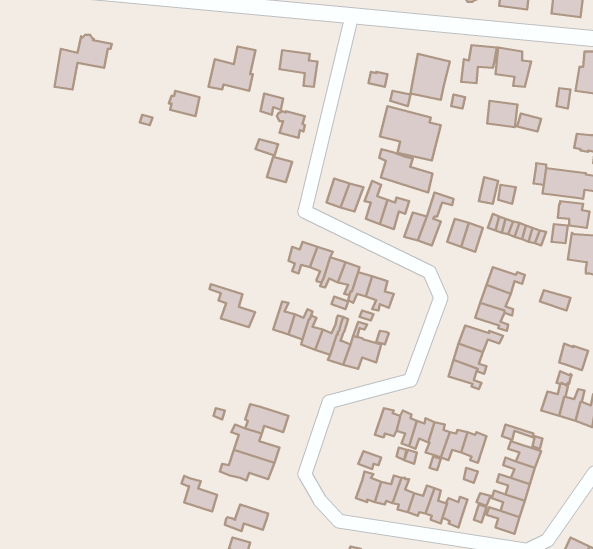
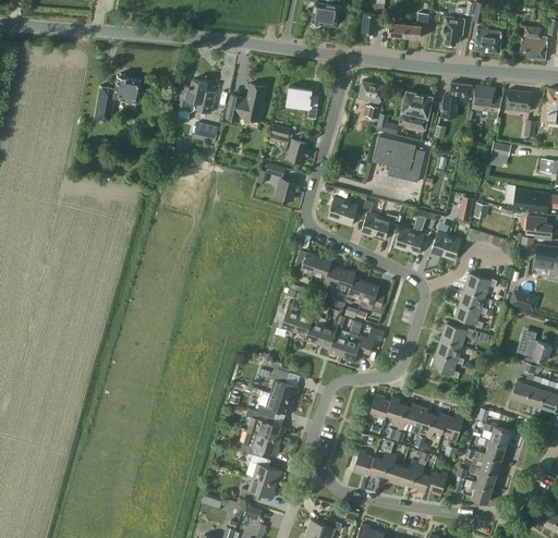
building: none -> [177,80,216,113]
building: none -> [357,81,384,103]
building: [487,101,518,127] -> [506,89,532,112]
building: [379,149,433,192] -> none
building: [210,284,255,327] -> [260,364,300,401]
building: [182,476,217,511] -> [251,454,281,485]

